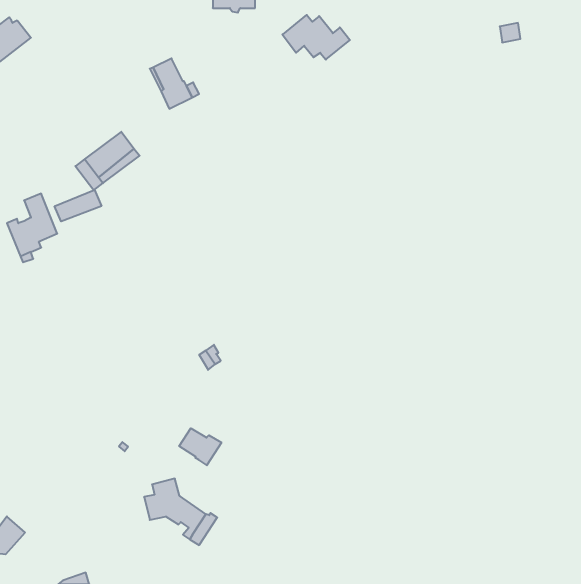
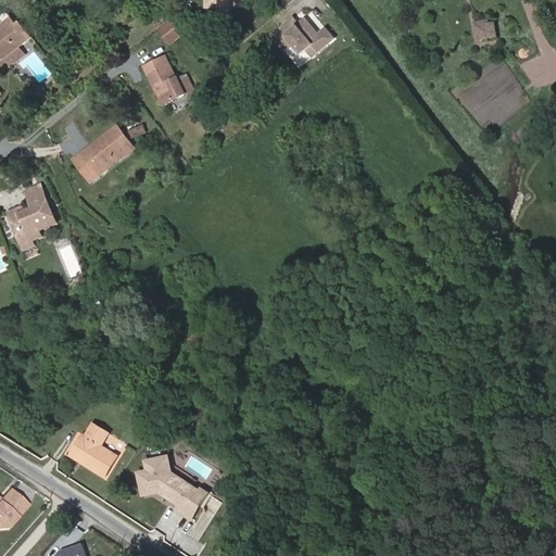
building: [55,190,101,221] -> none
building: [179,428,221,465] -> none
building: none -> [73,426,115,476]

